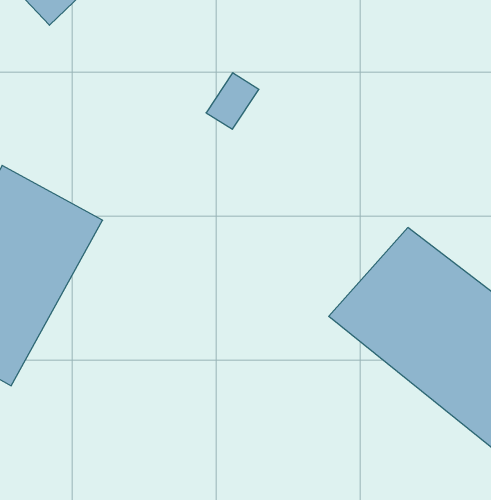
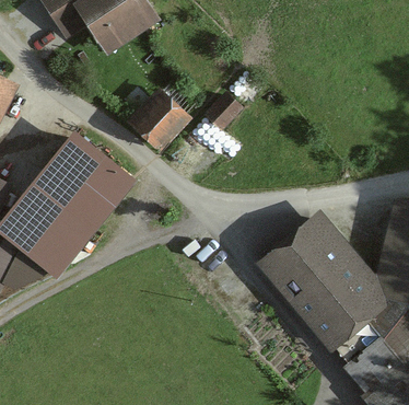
building: none -> [130,93,189,152]

